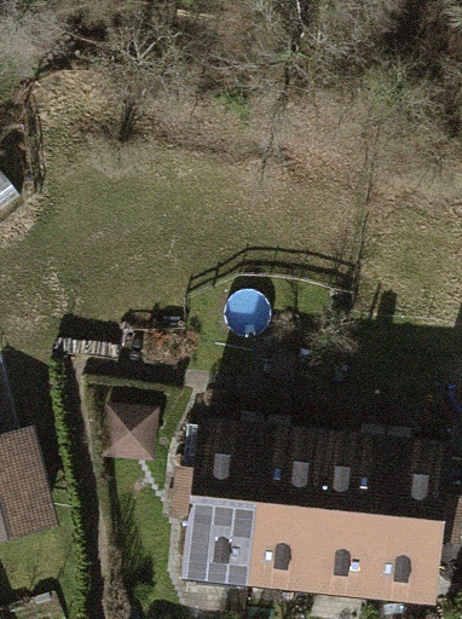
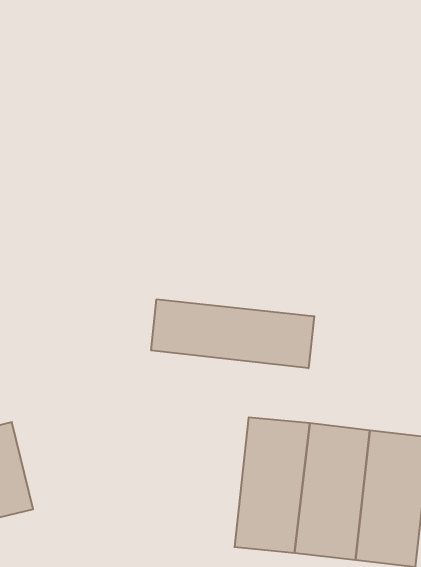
building: none -> [151,299,314,368]
building: [185,435,261,575] -> none

